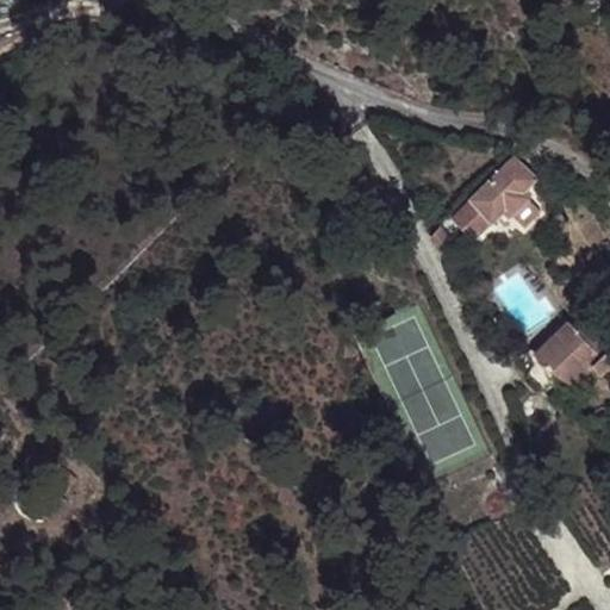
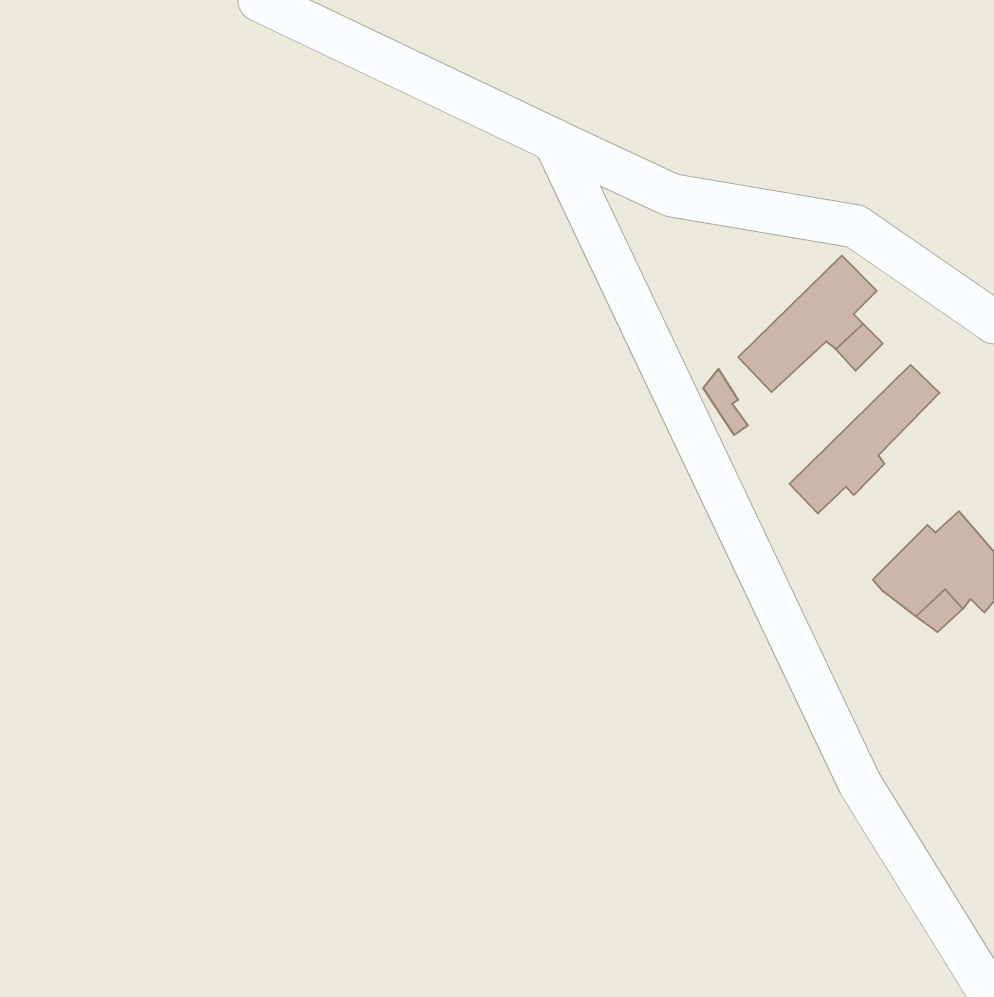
building: none -> [789,365,940,514]

